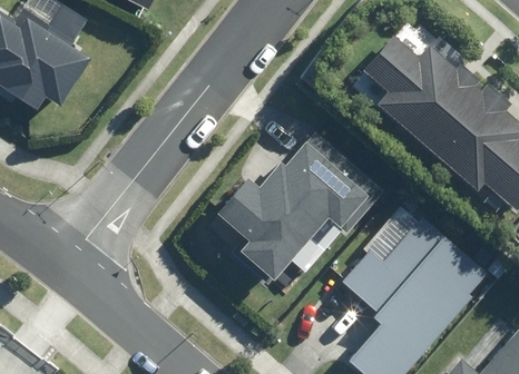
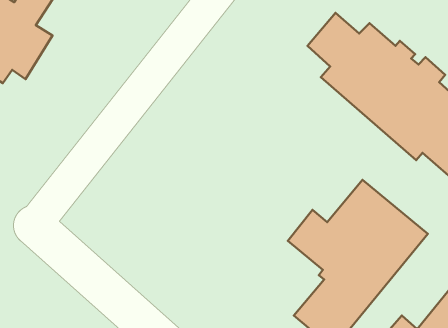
building: [217,131,385,285] -> none

